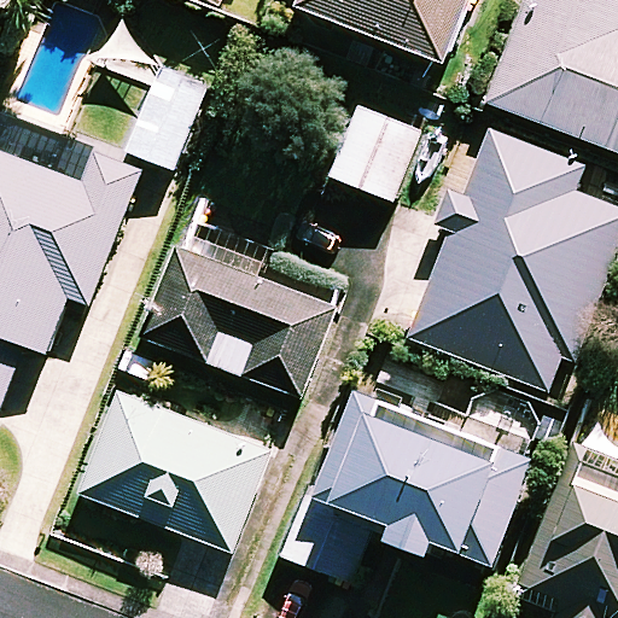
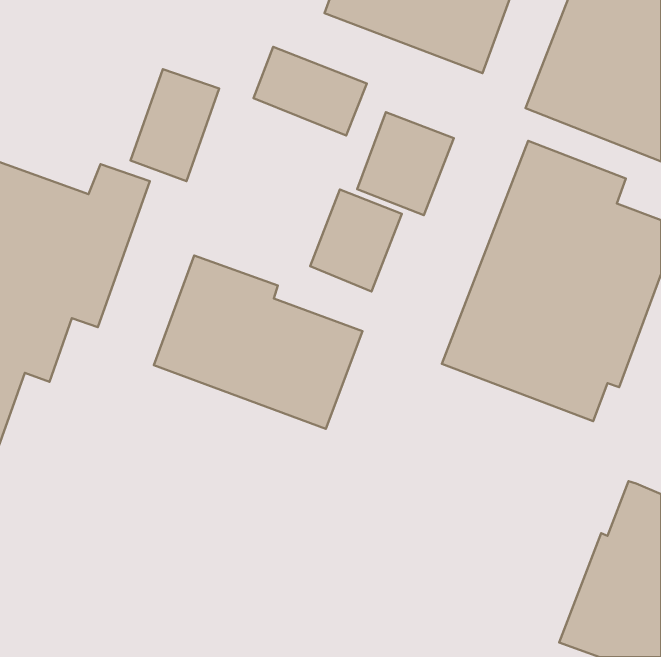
building: none -> [253,47,367,135]
building: none -> [310,190,402,291]
building: [81,391,272,552] -> none
building: [284,391,534,581] -> none

